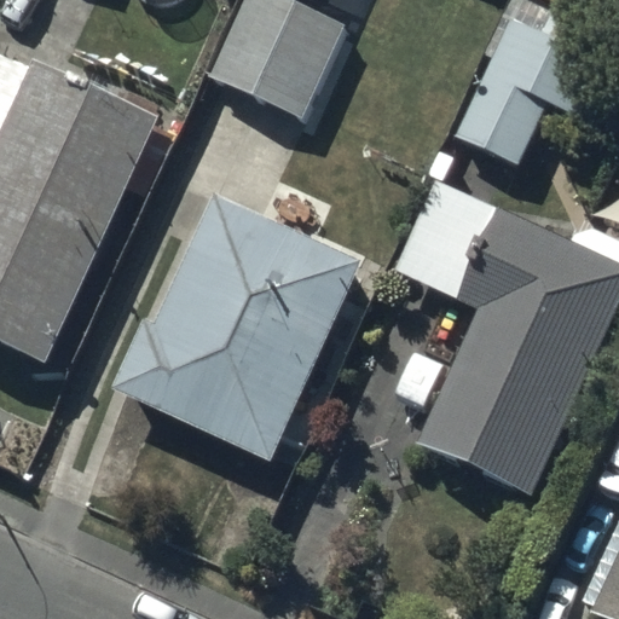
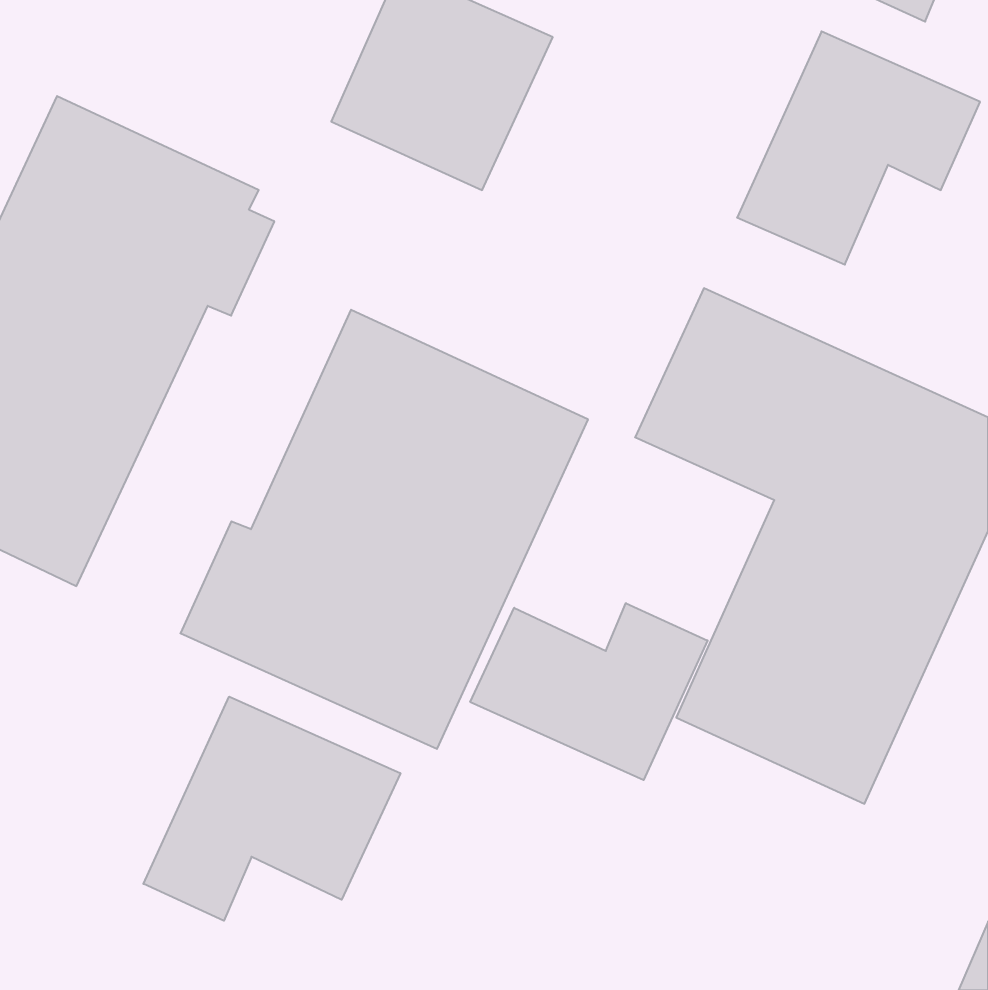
building: none -> [470,603,708,780]
building: none -> [143,697,400,921]

